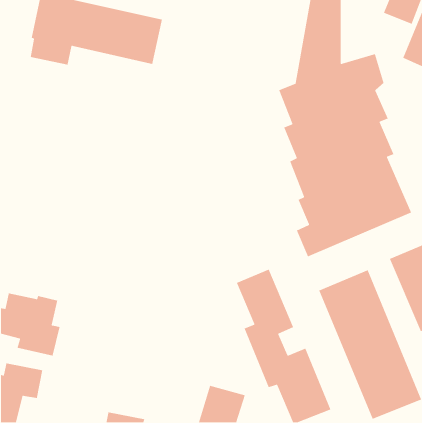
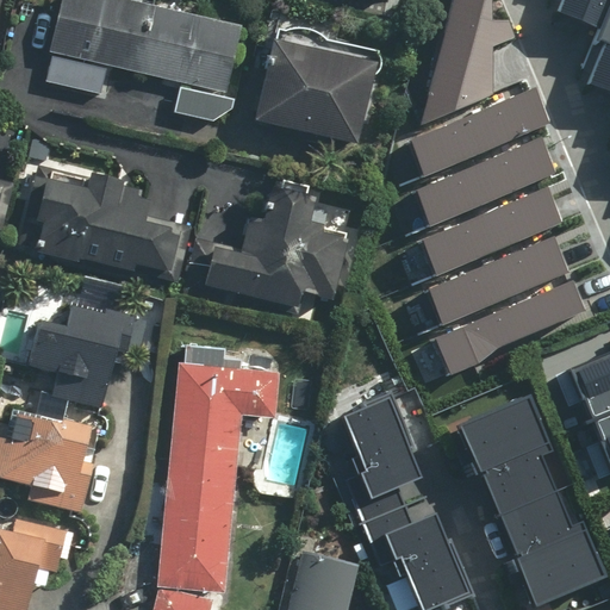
building: none -> [250,43,371,145]
building: none -> [18,166,192,286]
building: none -> [186,189,346,310]
building: none -> [25,307,133,406]
building: none -> [158,365,276,592]

